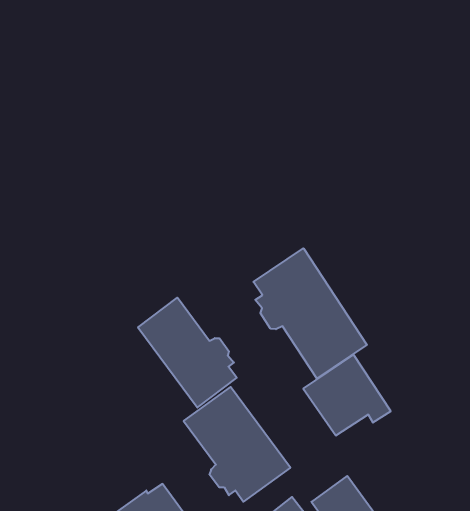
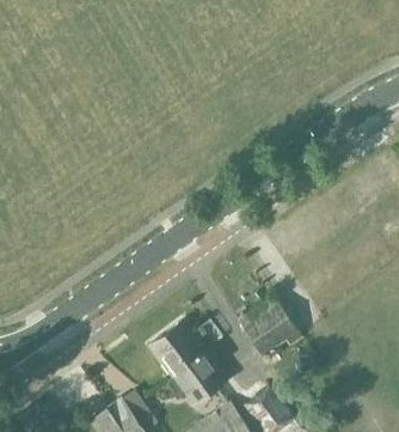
building: [253,248,367,378] -> none
building: [138,298,237,408] -> none

